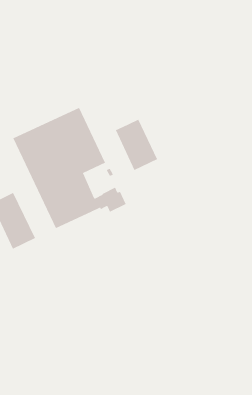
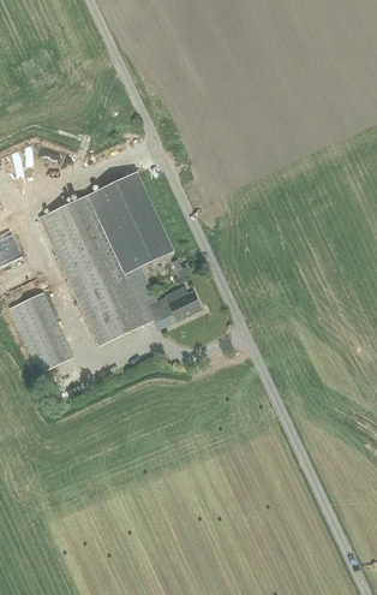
building: [115,119,158,171] -> none

